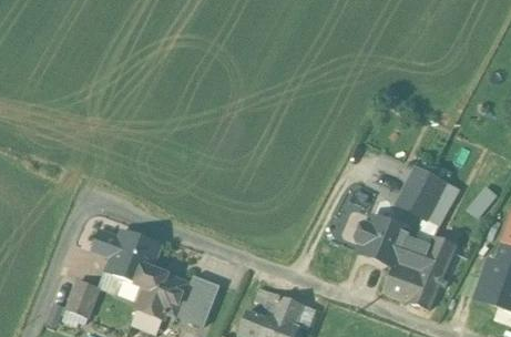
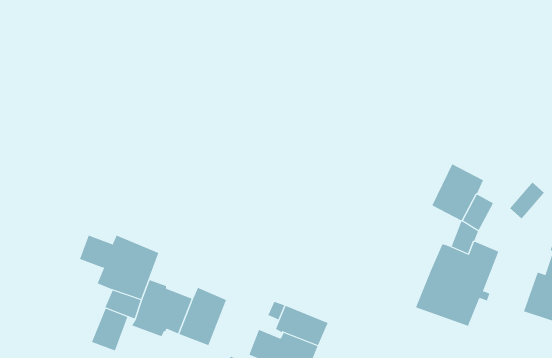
building: [356,216,409,261] -> none
building: [65,279,98,317] -> [91,308,128,351]

